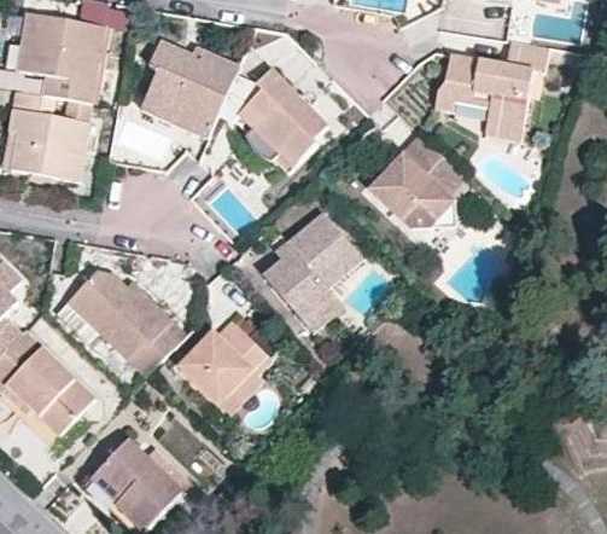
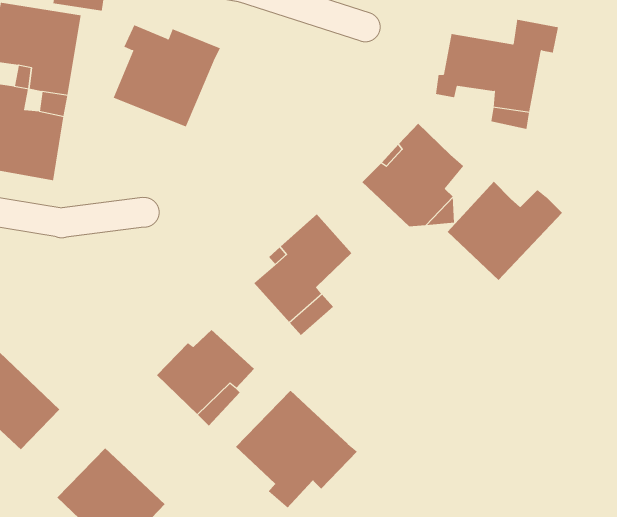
building: [216,69,327,173] -> none
building: none -> [447,181,563,281]
building: [64,269,183,376] -> none
building: none -> [235,390,358,508]

